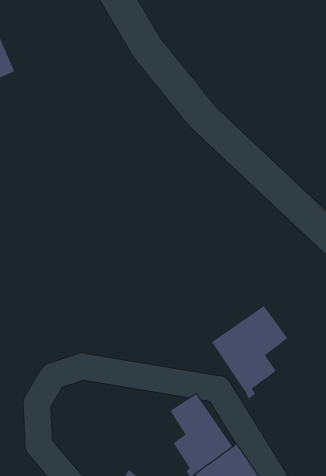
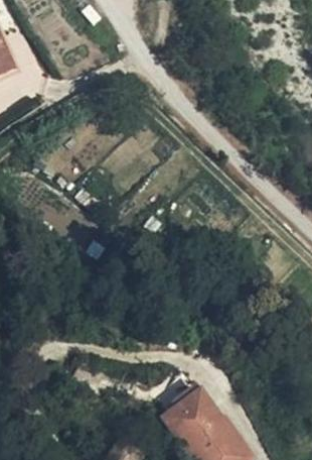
building: [211,305,288,400] -> none

